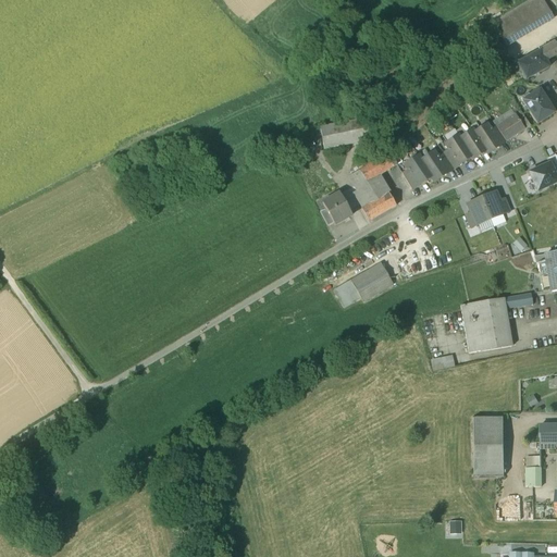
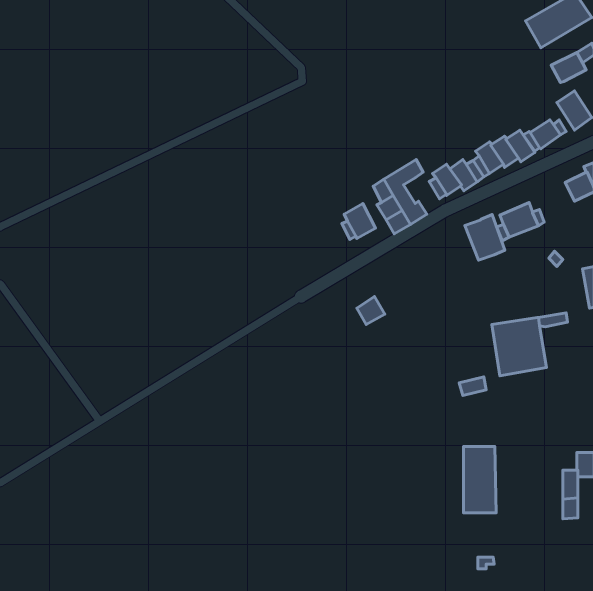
building: [321,117,375,147] -> none
building: none -> [465,215,505,260]
building: [351,260,394,299] -> none
building: [474,413,505,475] -> [464,446,496,513]

